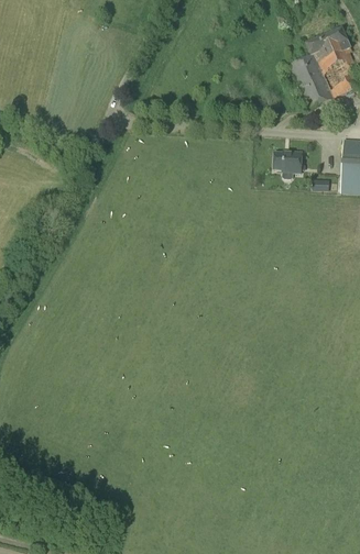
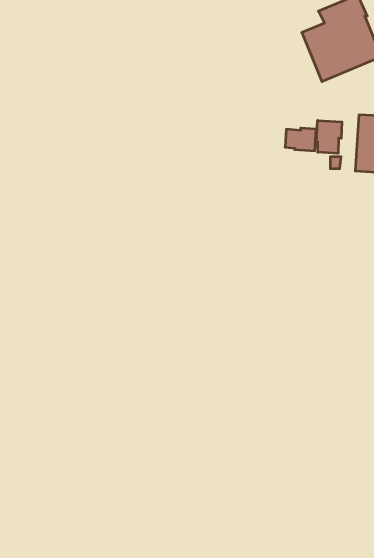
building: none -> [316,120,342,153]

